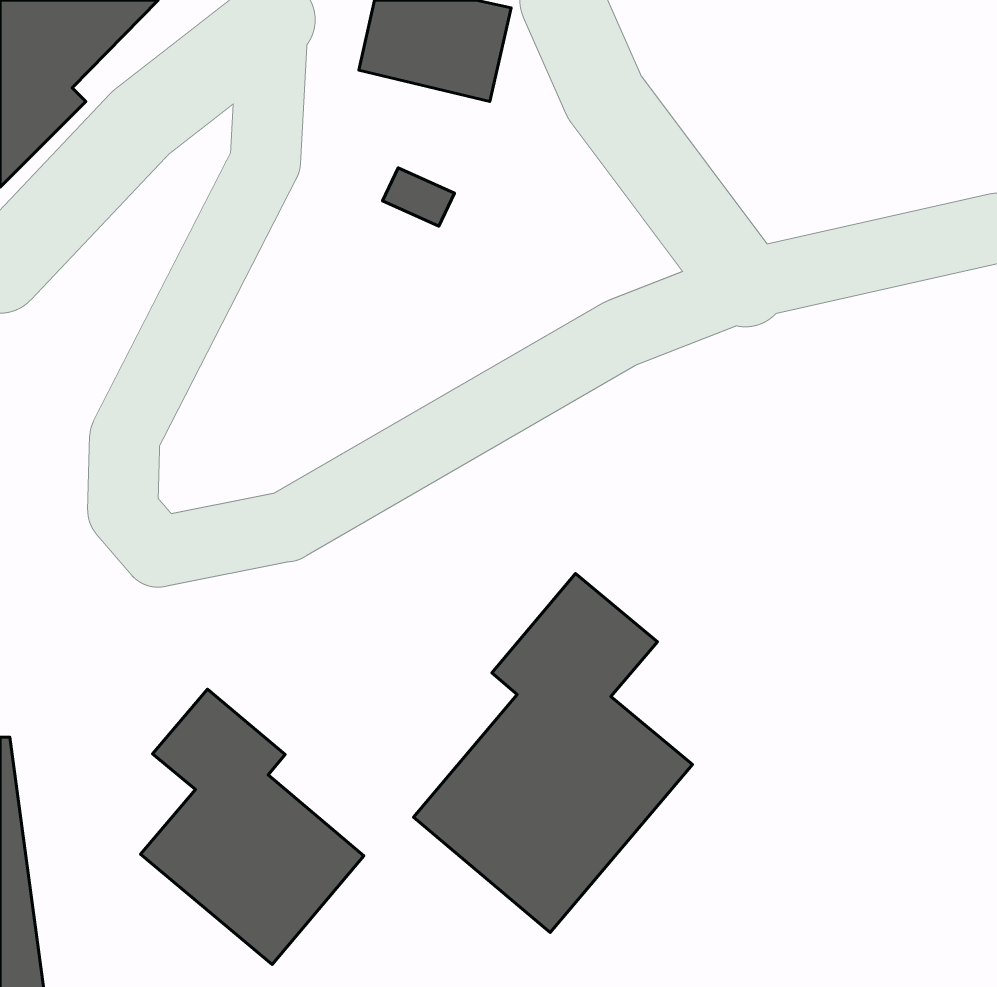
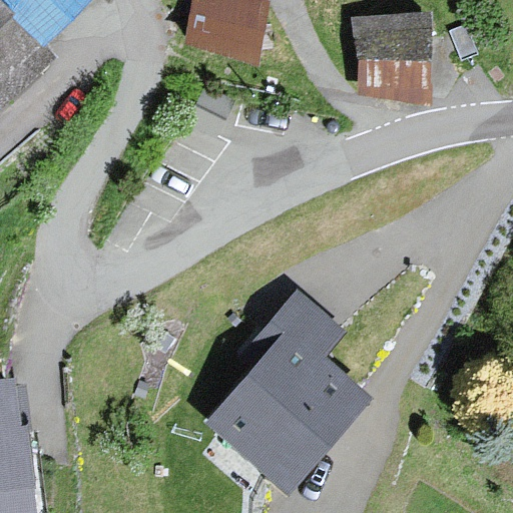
building: none -> [360,22,424,96]
building: [141,689,364,964] -> none

